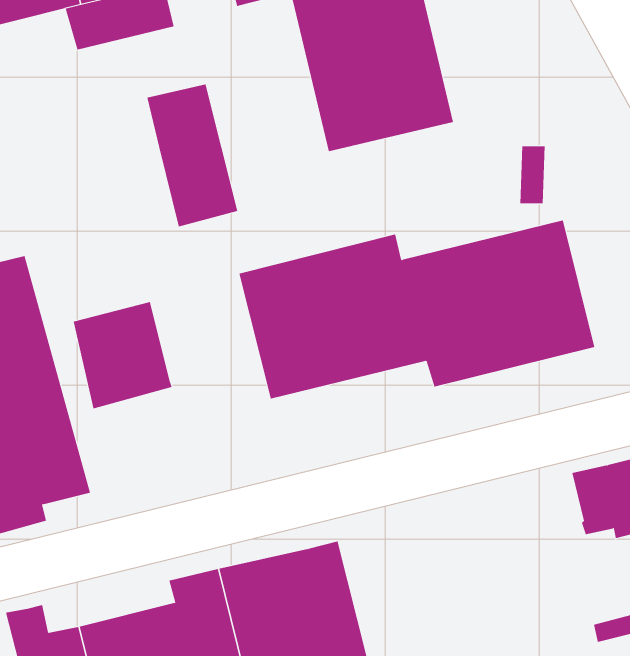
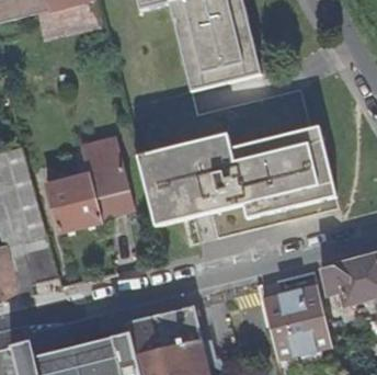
building: [146,84,238,227] -> [83,137,134,216]
building: none -> [262,285,331,356]

